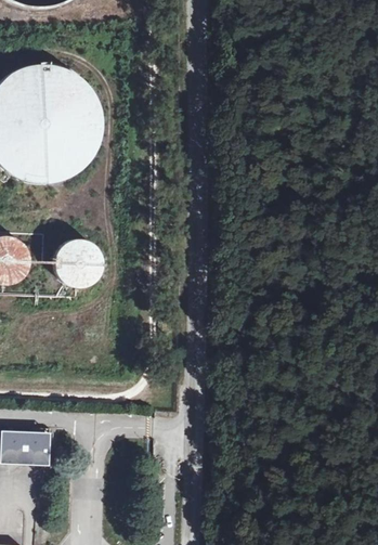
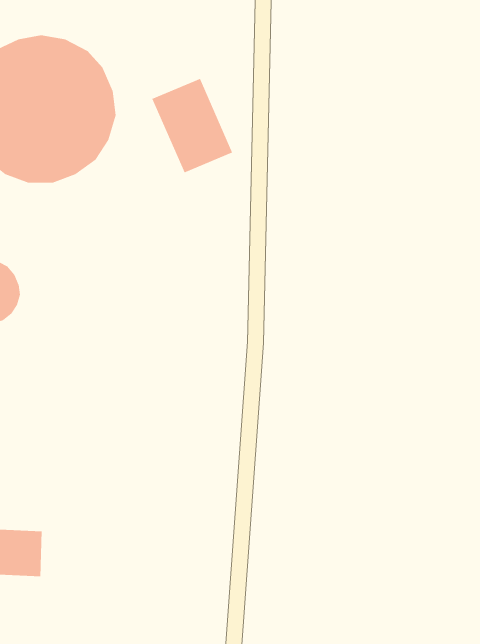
building: none -> [151,78,233,173]
building: [58,237,103,283] -> none

